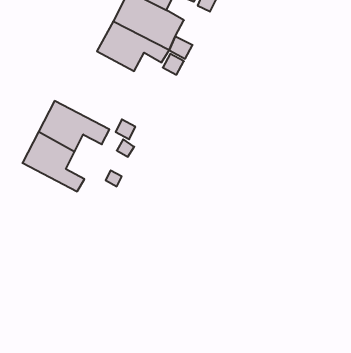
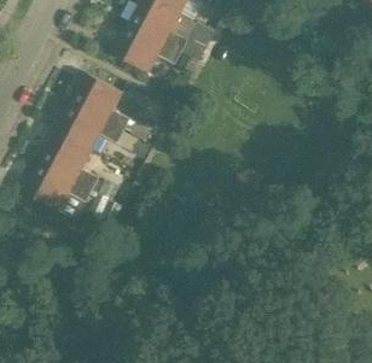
building: none -> [71,70,130,128]
building: none -> [24,160,93,209]

